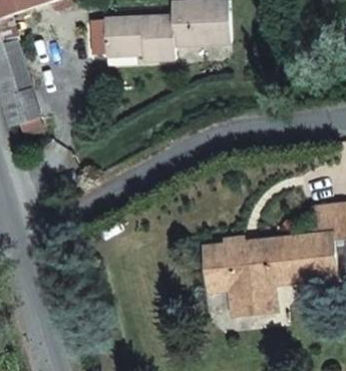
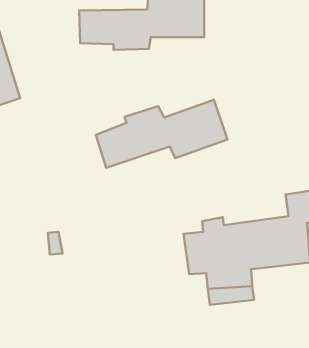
building: none -> [96,100,227,168]

